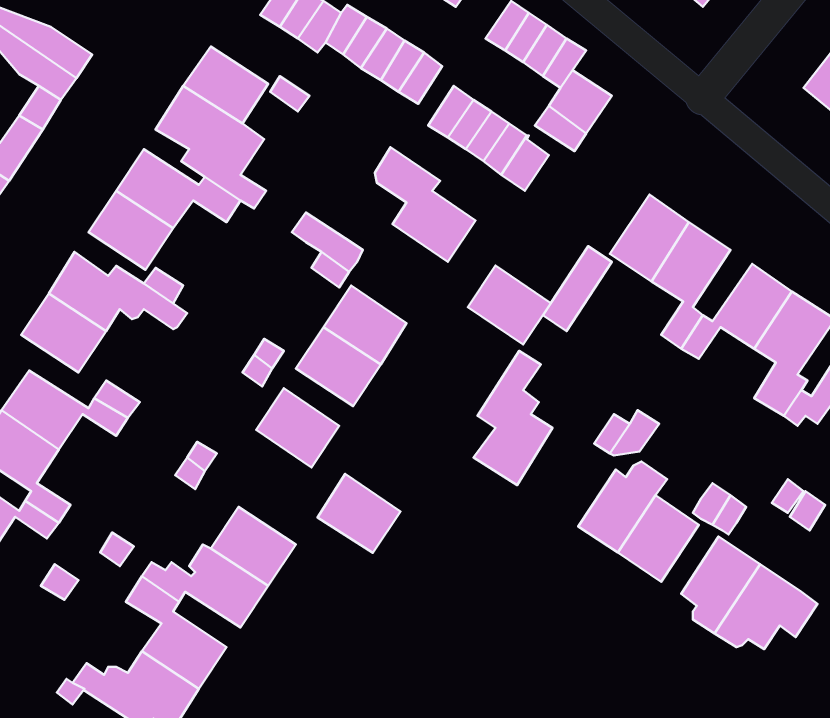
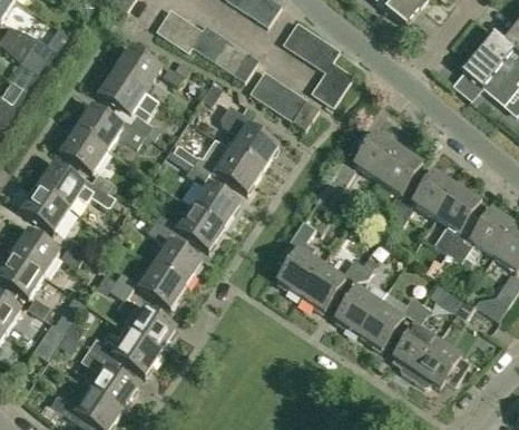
building: [468,266,551,345] -> [215,147,262,192]
building: none -> [301,262,344,310]
building: [318,474,400,553] -> [138,263,185,307]

